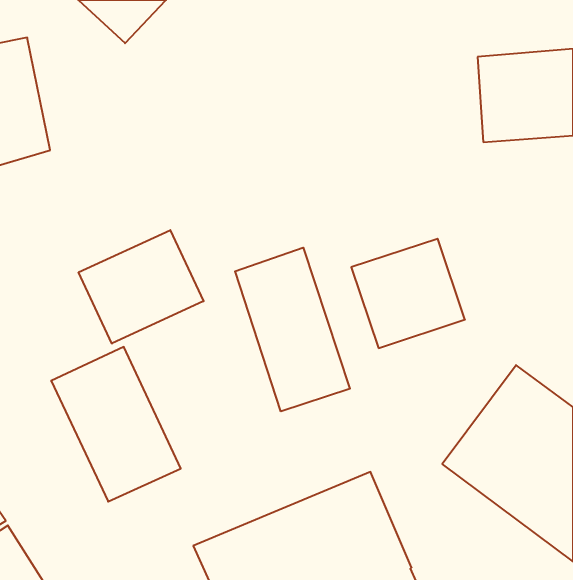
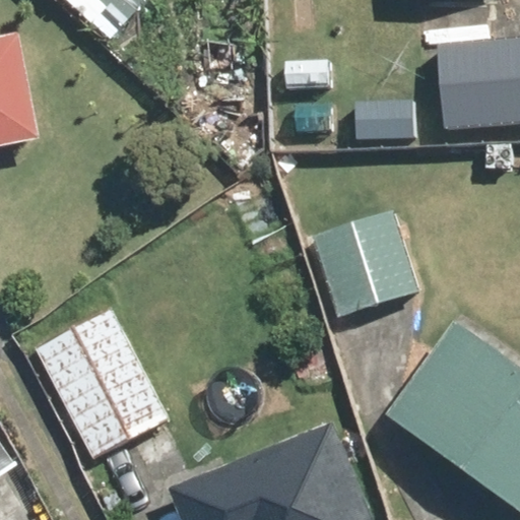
building: [79,230,204,344] -> none
building: [235,248,350,411] -> none

